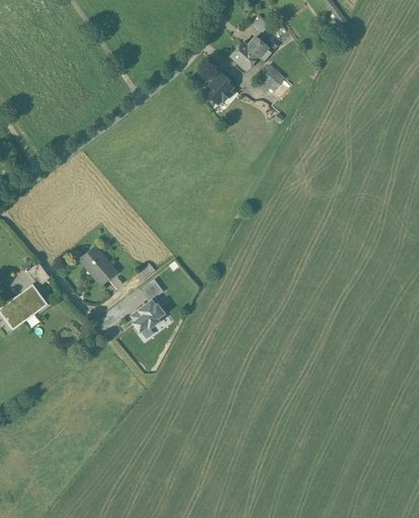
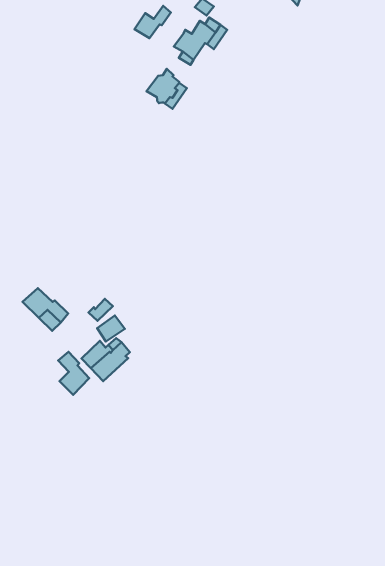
building: none -> [134,6,171,38]
building: [258,64,284,92] -> none
building: none -> [58,352,89,395]

